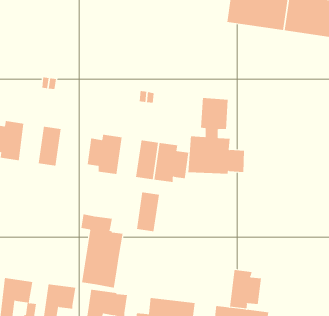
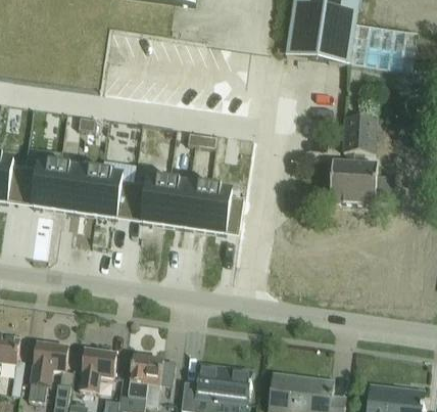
building: [188,98,245,174] -> [330,116,394,201]
building: none -> [54,167,81,212]
building: none -> [95,173,134,218]
building: [136,192,160,232] -> [163,182,190,227]
building: [81,214,123,289] -> none
building: [229,269,262,309] -> none

